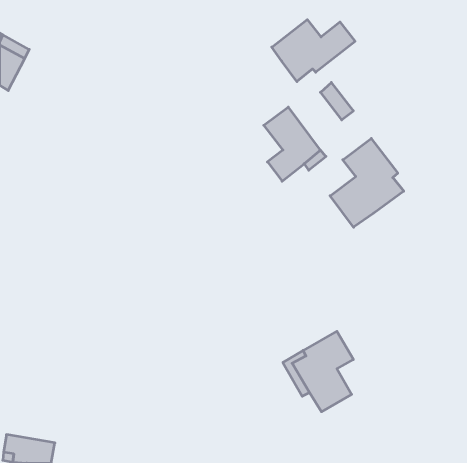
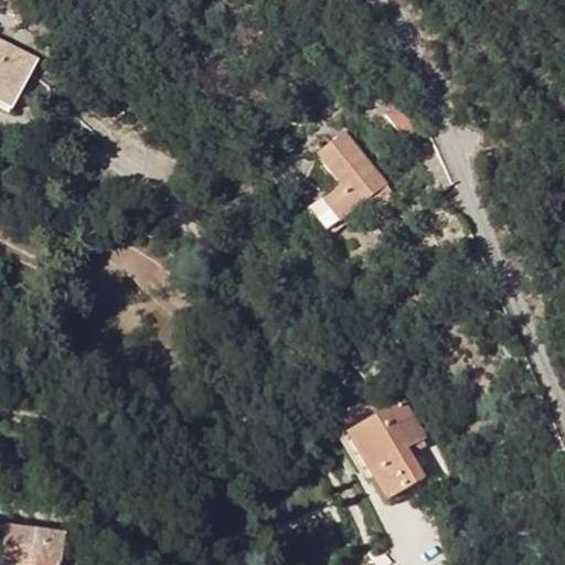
building: [272,20,355,82] -> none
building: [330,138,404,227] -> none

